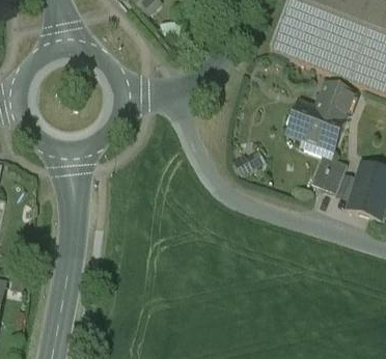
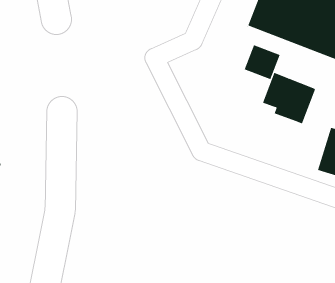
building: [315,78,355,116] -> [244,44,280,80]
building: [312,151,348,191] -> none

